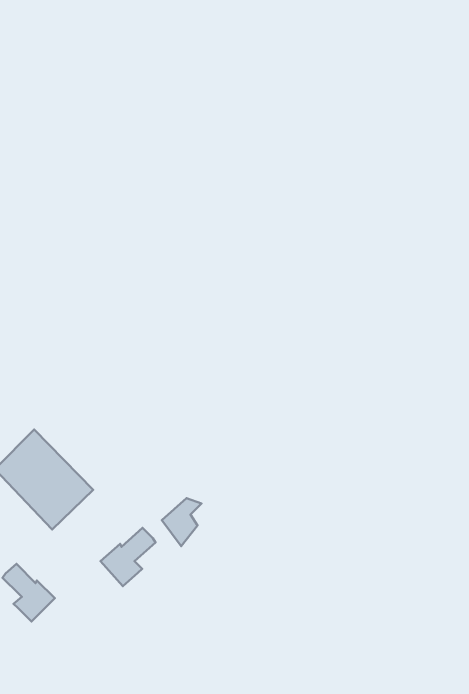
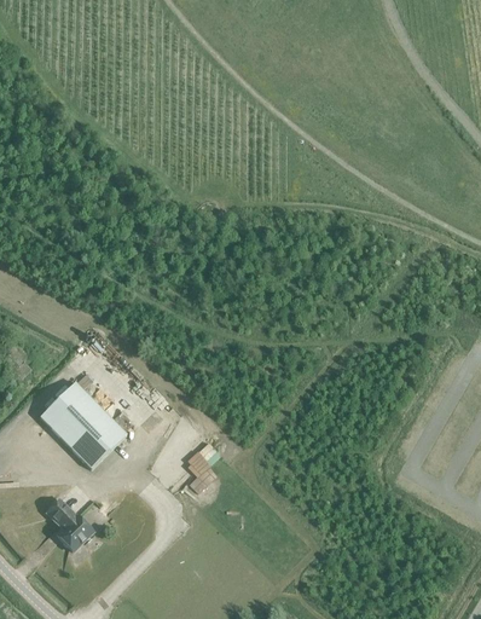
building: [101,528,155,586] -> none

